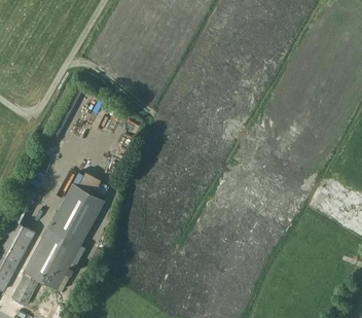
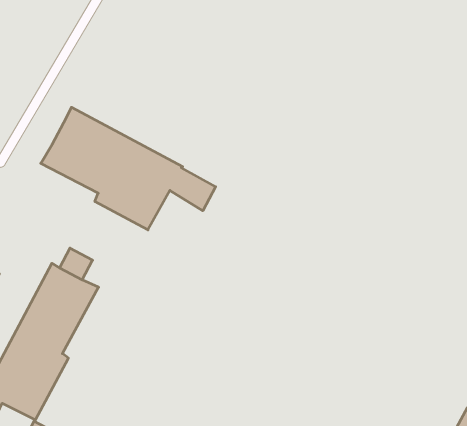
building: none -> [41,107,216,230]

